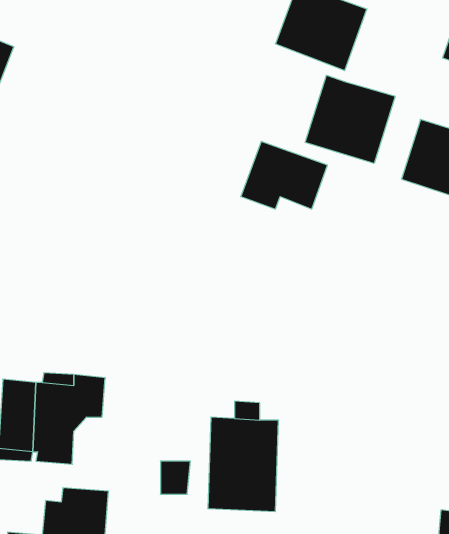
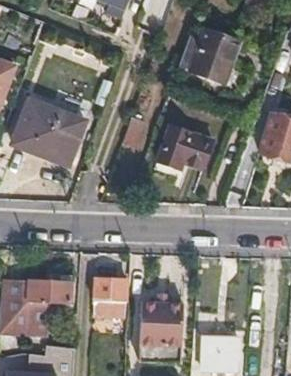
building: [305,75,395,163] -> none
building: none -> [13,100,85,165]
building: none -> [92,278,123,317]
building: none -> [199,334,235,369]

